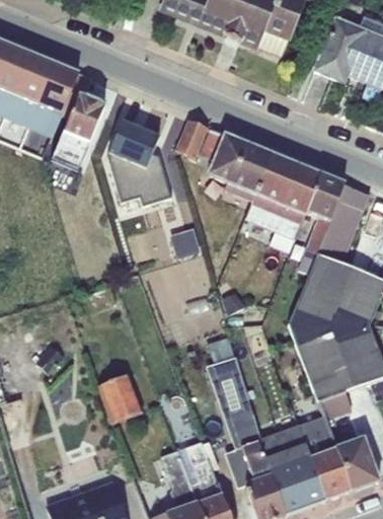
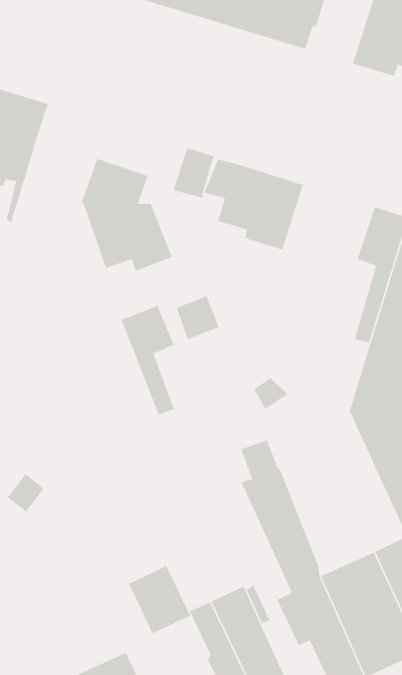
building: [58,97,104,171] -> none
building: [245,153,321,251] -> none
building: none -> [121,305,175,415]
building: [98,373,142,423] -> [128,565,191,635]

